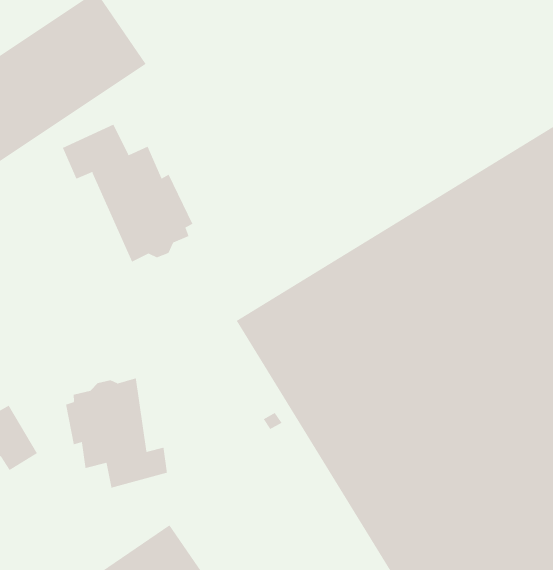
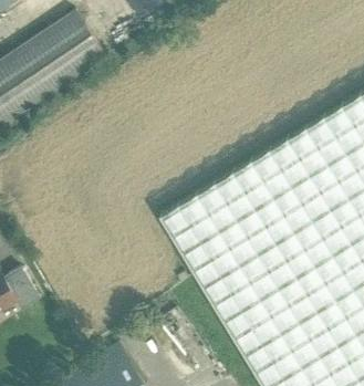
building: [62,124,193,262] -> none
building: [66,378,168,489] -> none

